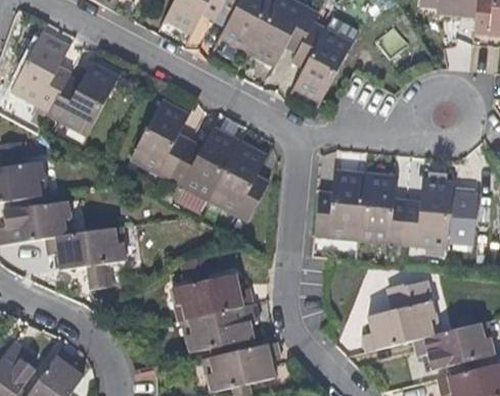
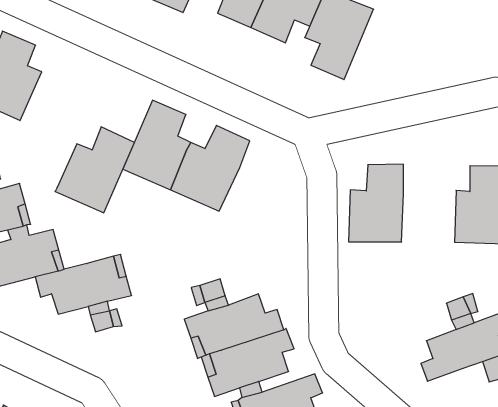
building: [47,62,117,134] -> [55,127,134,213]
building: [208,143,266,219] -> none
building: [357,174,406,242] -> none

